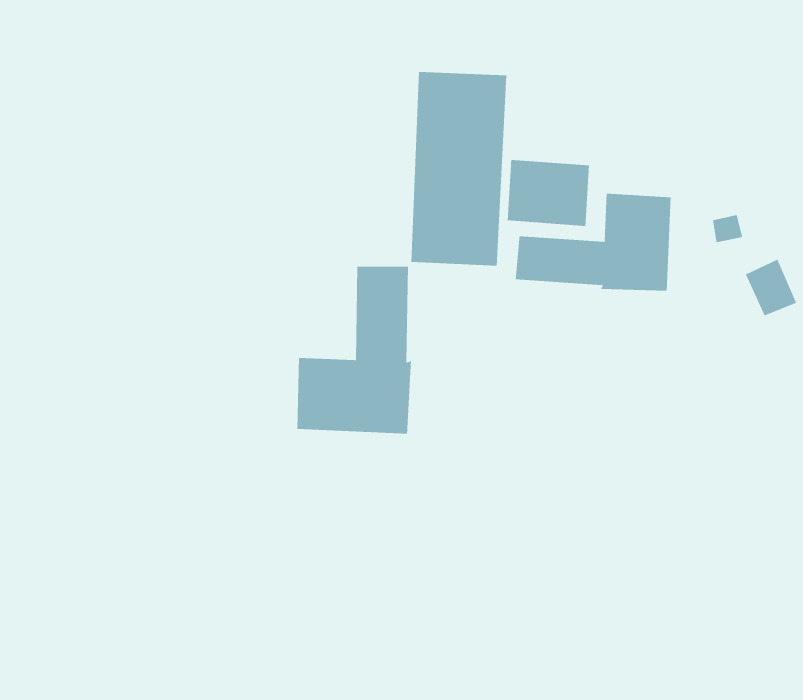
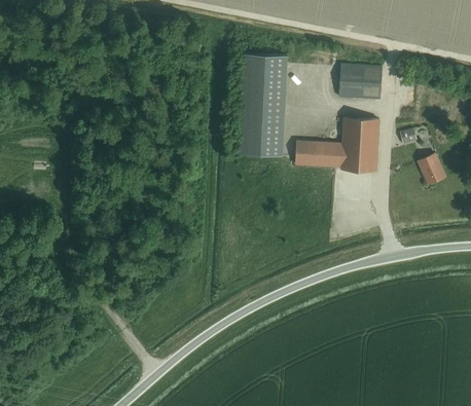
building: [507,159,590,227] -> [337,64,382,100]
building: [297,266,412,434] -> none

